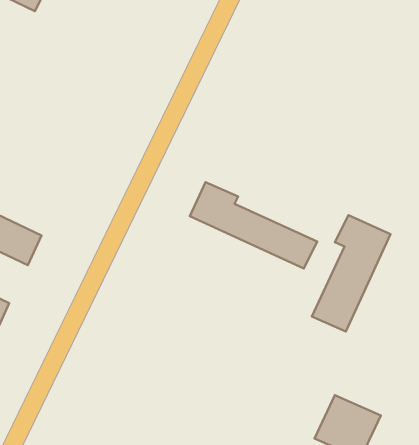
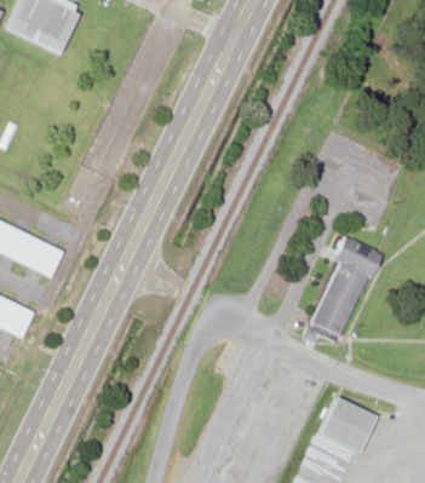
building: [190,182,317,268] -> none

